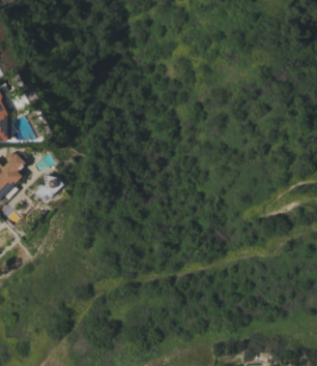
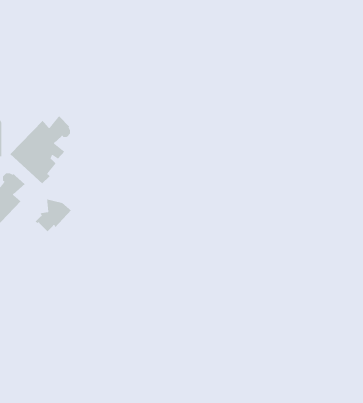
building: none -> [10,115,71,184]

